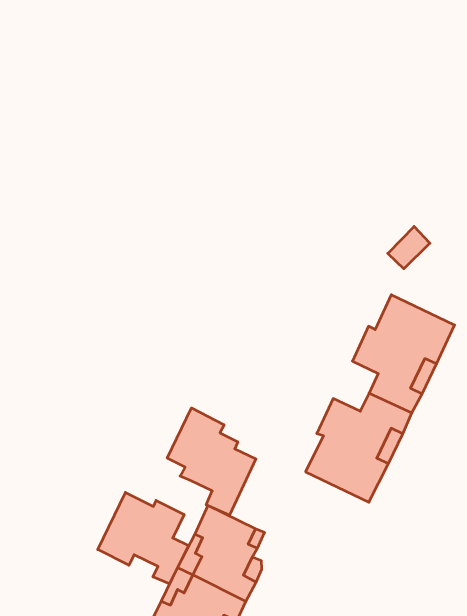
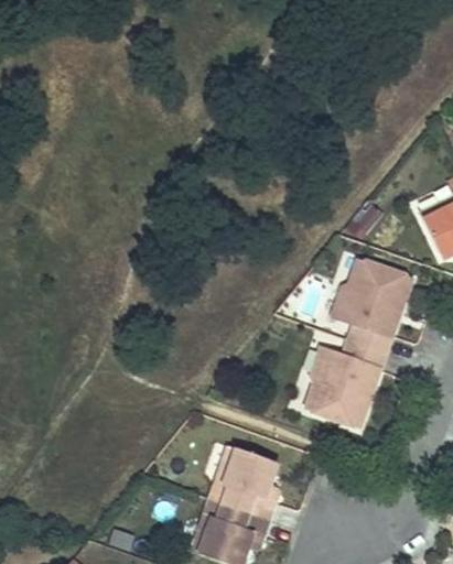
building: [167,408,256,515] -> none
building: [98,492,188,584] -> none

